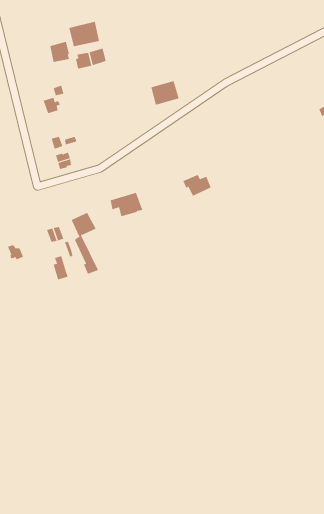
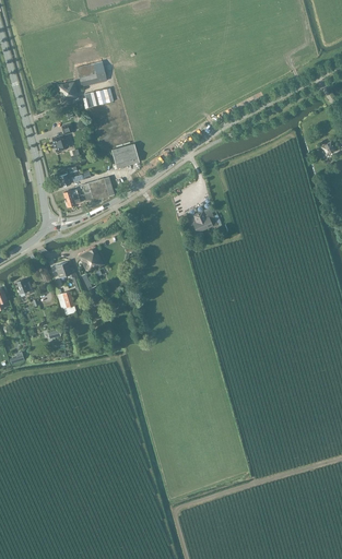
building: [151,81,180,105] -> [111,143,140,167]
building: [110,192,143,217] -> [82,176,115,200]

